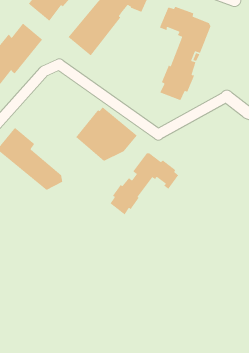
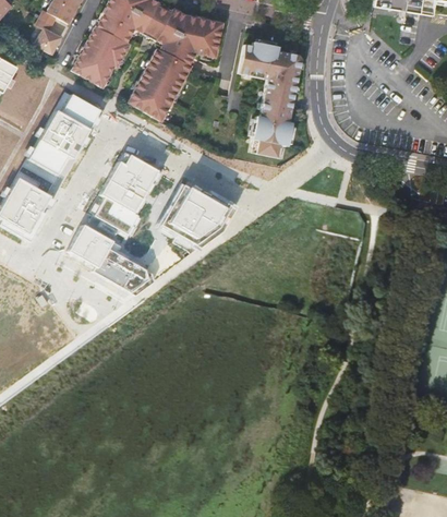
building: none -> [95,151,156,232]
building: [110,153,179,215] -> none

